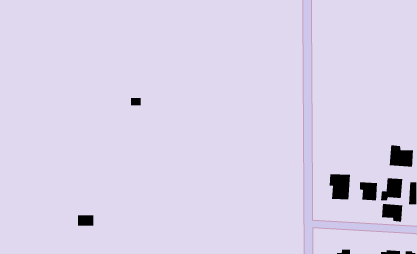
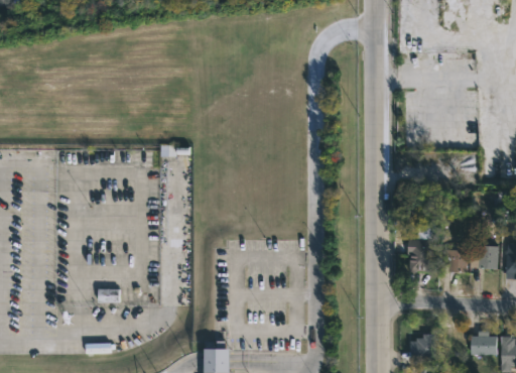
building: [389,144,414,168] -> none
building: [381,203,403,223] -> none

